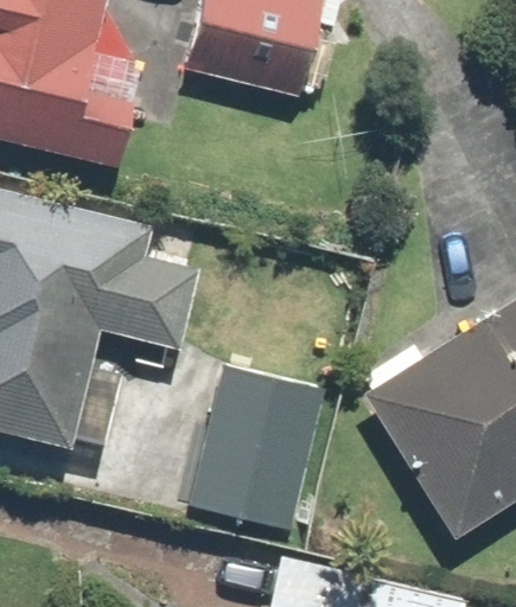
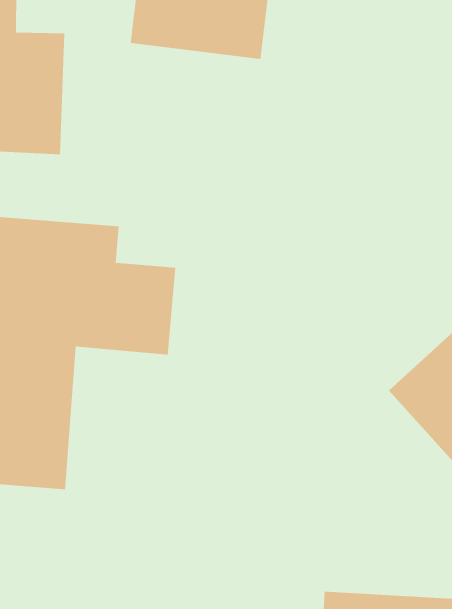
building: [190,360,325,523] -> none

